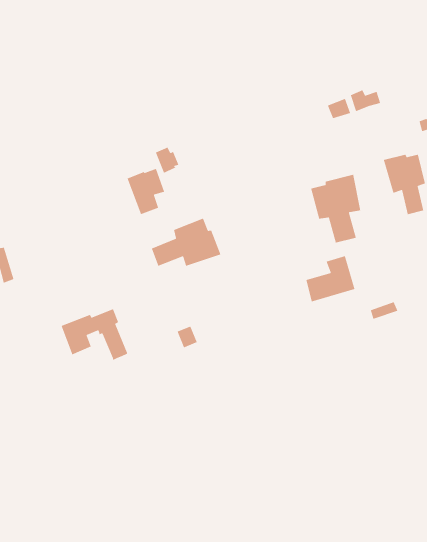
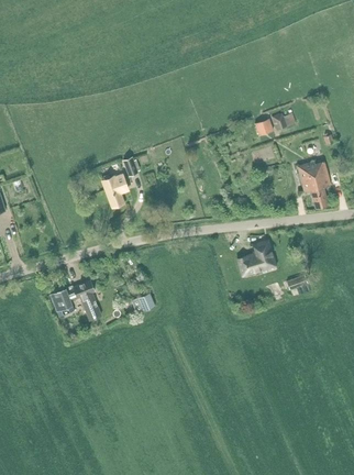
building: [310,174,361,244] -> none
building: [151,218,222,267] -> none

